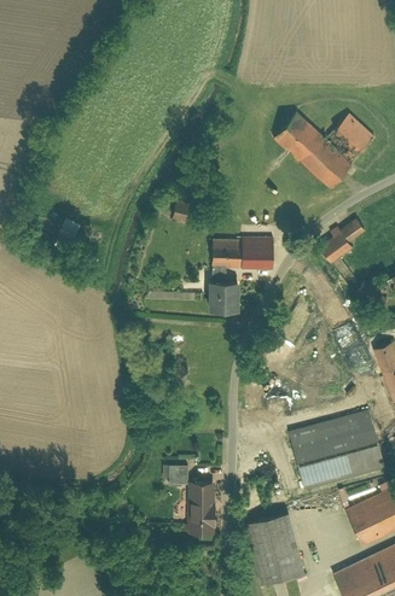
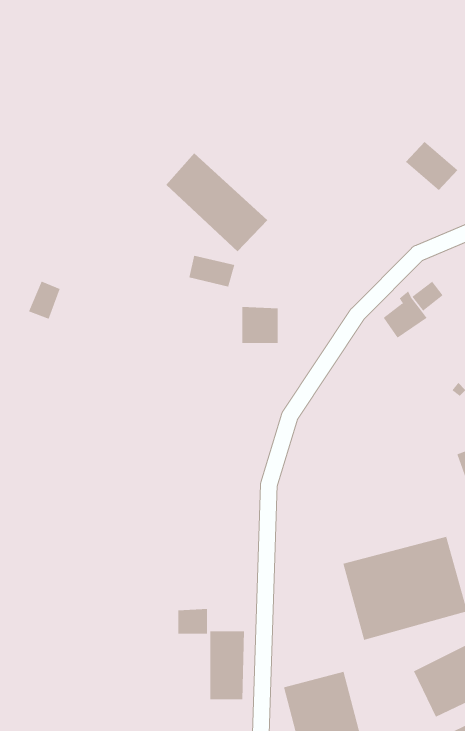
building: [273,113,350,188] -> [165,153,268,252]
building: [239,236,272,268] -> none
building: [208,281,238,314] -> none

